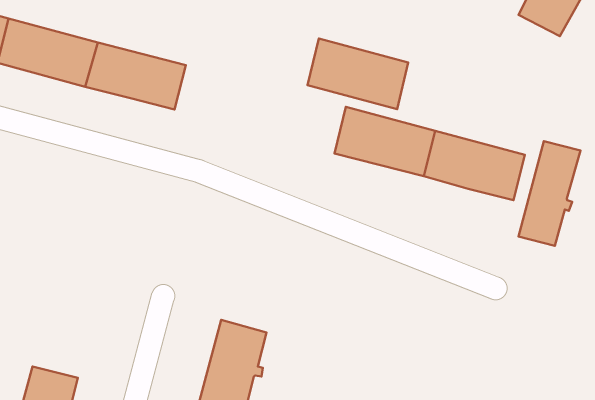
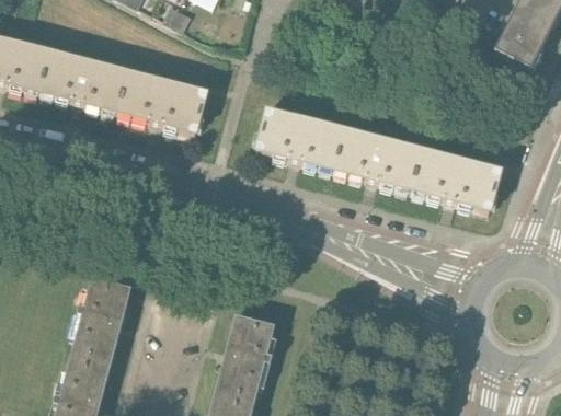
building: [308,39,408,109] -> [255,109,343,171]
building: [518,141,580,246] -> none
building: none -> [70,277,130,366]

